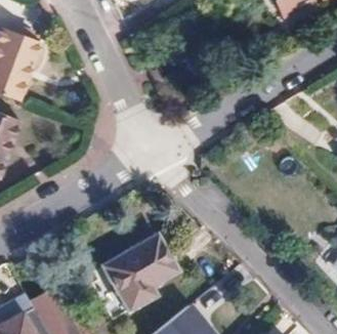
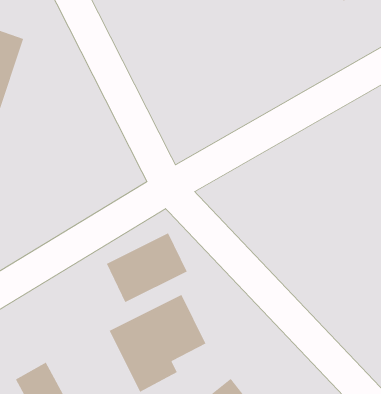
building: none -> [106,232,188,303]

